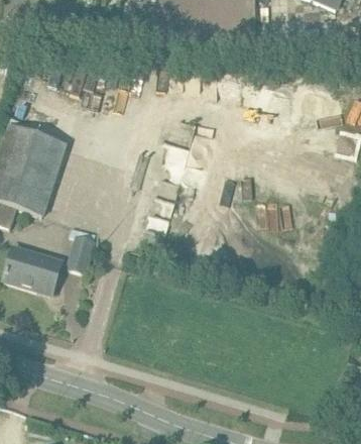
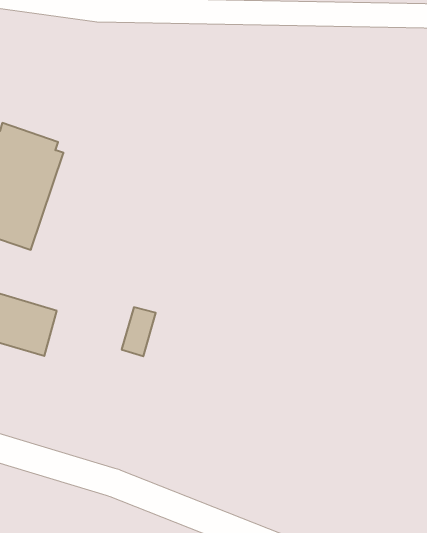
building: [68,236,93,272] -> [122,307,156,356]

